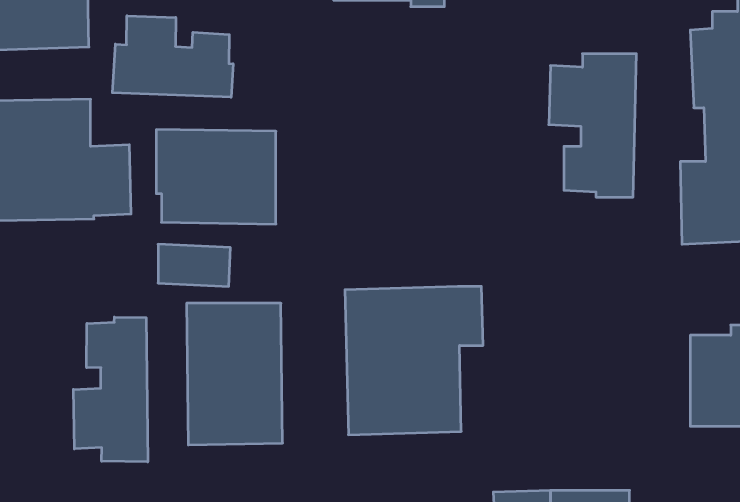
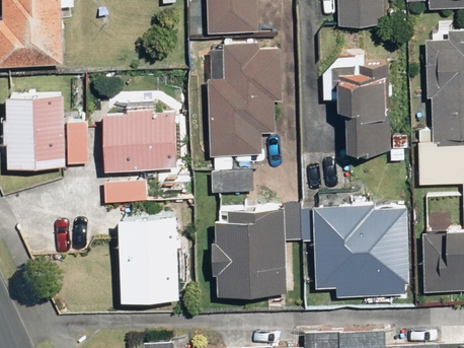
building: none -> [207,42,281,194]
building: [112,16,233,97] -> none
building: none -> [302,208,407,297]
building: [73,317,148,462] -> none

